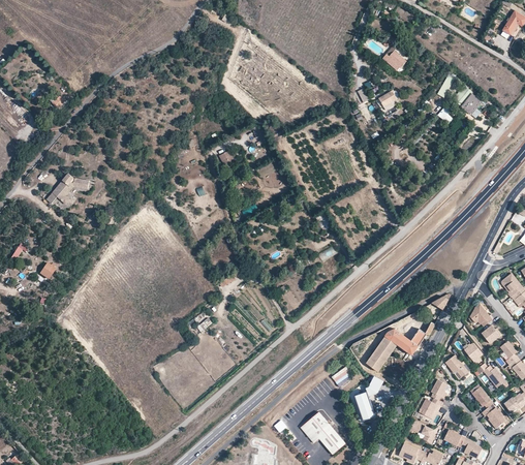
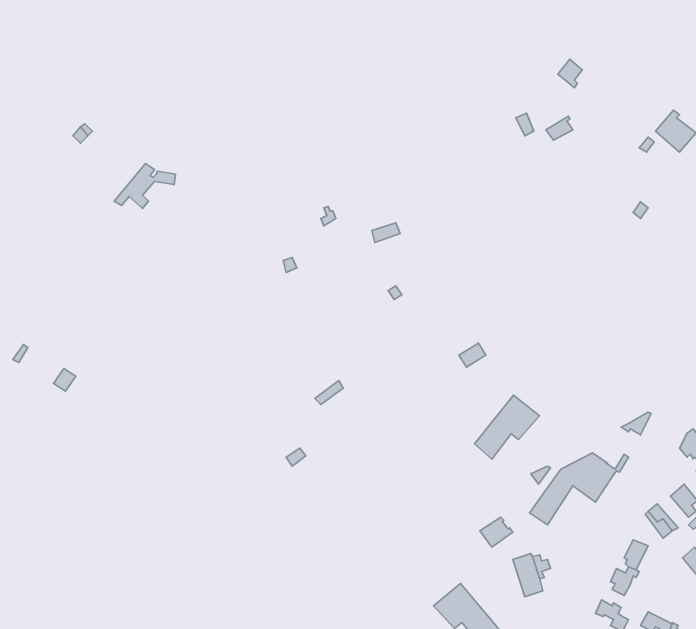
building: [45,174,88,205] -> [114,164,176,209]
building: none -> [475,395,539,459]

